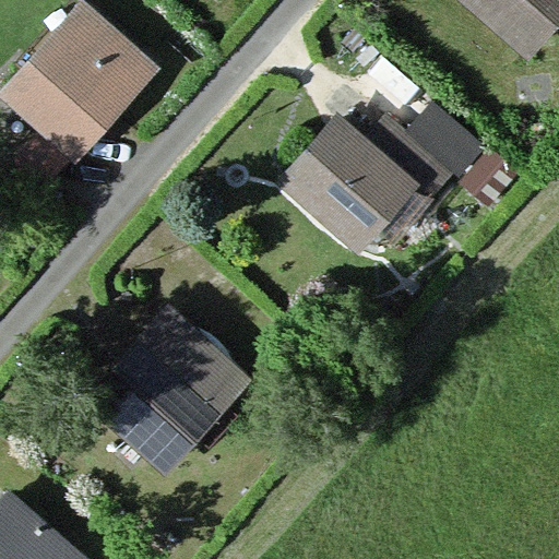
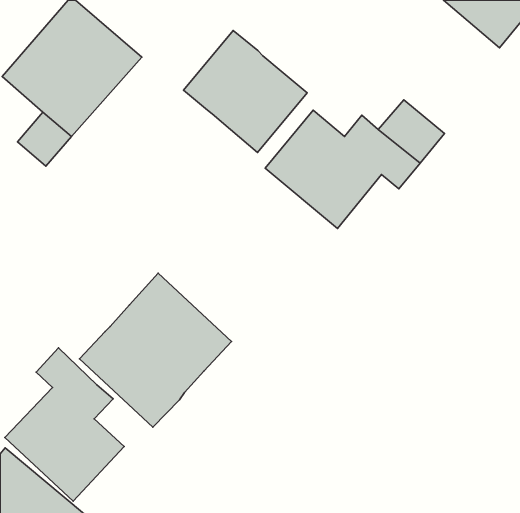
building: none -> [183,30,307,153]
building: none -> [5,348,124,501]

